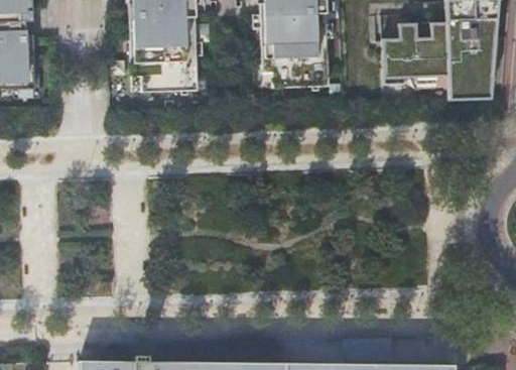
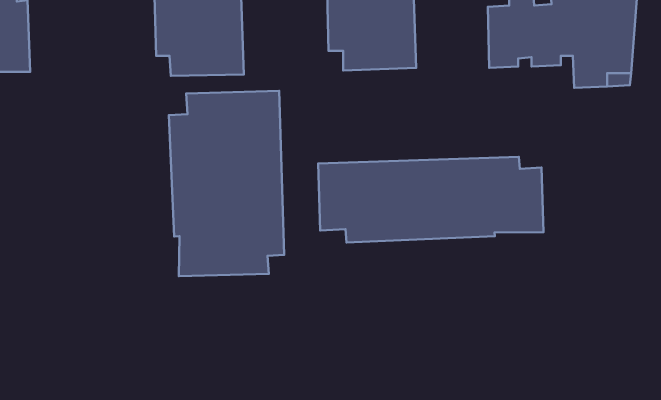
building: none -> [169,91,284,276]
building: none -> [318,157,543,242]

